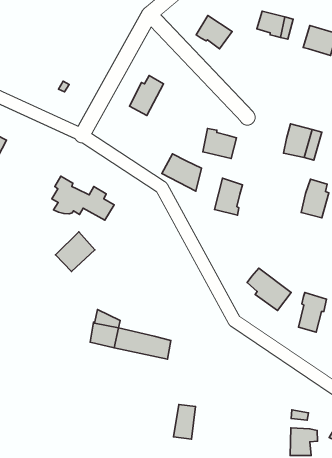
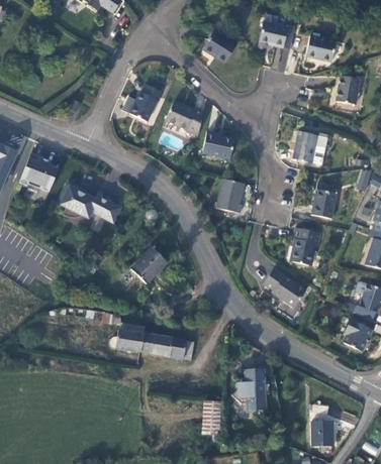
building: none -> [27,161,66,196]
building: [162,154,201,191] -> [172,104,209,138]
building: [55,232,95,272] -> [125,241,163,279]
building: [298,292,327,332] -> [287,224,312,261]
building: none -> [226,364,265,407]

